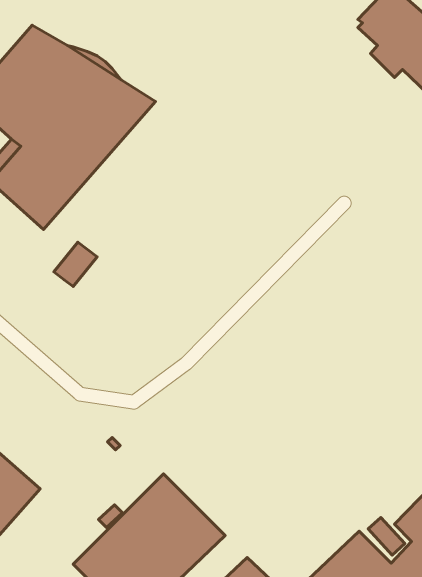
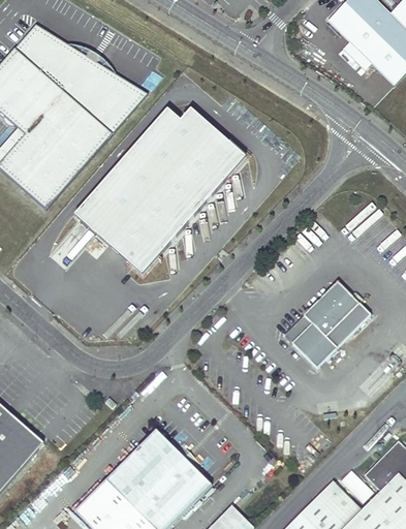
building: none -> [74,103,244,268]
building: none -> [283,282,371,369]

